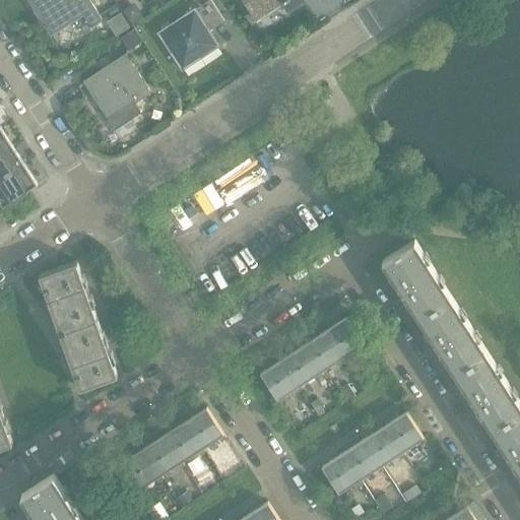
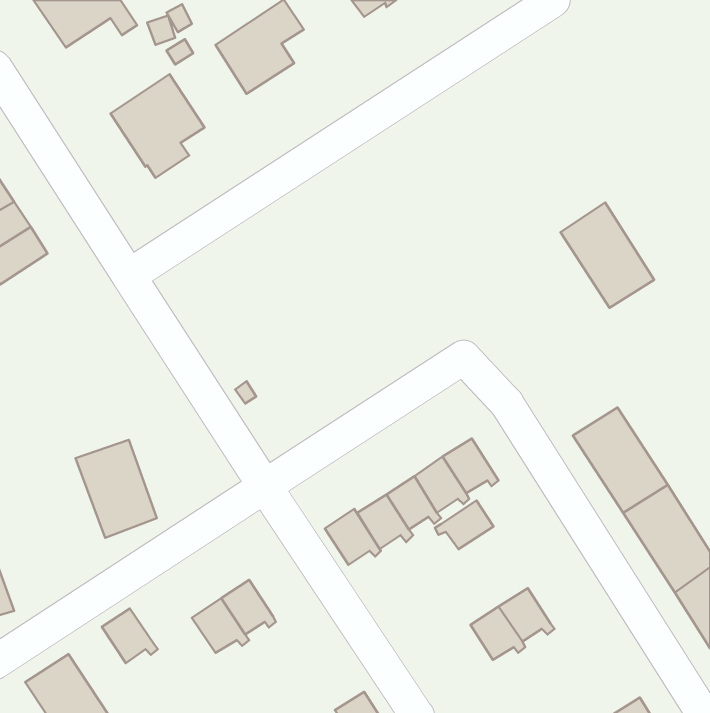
building: [380,242,448,318] -> [560,203,654,308]
building: [35,262,93,334] -> none
building: none -> [435,501,494,549]
building: [181,408,221,449] -> [325,509,381,565]
building: [383,414,422,454] -> none
building: [119,450,159,490] -> [102,609,158,663]
building: [320,455,361,495] -> none

